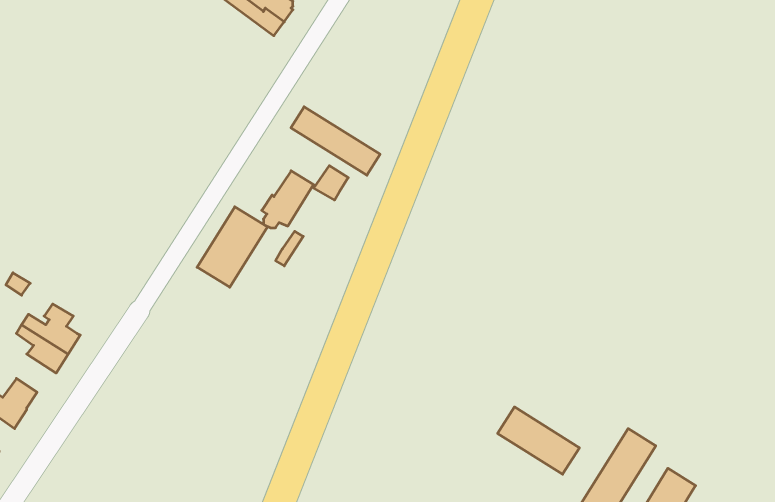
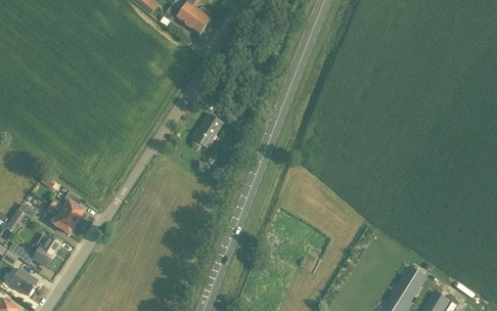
building: [291,107,380,175] -> none
building: [197,207,268,287] -> none
building: [498,407,579,474] -> none

